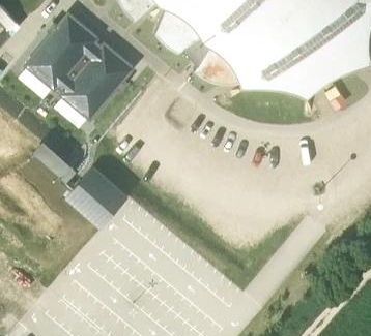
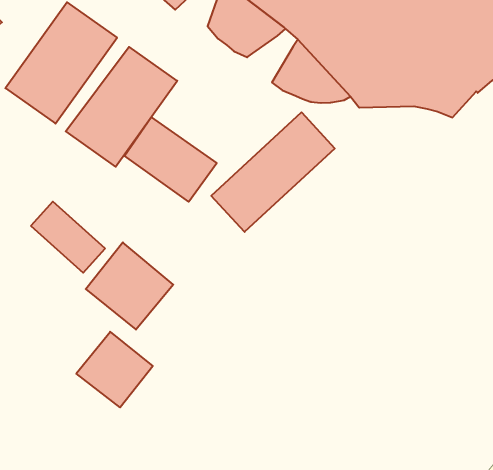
building: none -> [125,117,217,202]
building: none -> [211,112,335,232]
building: none -> [76,332,153,407]

